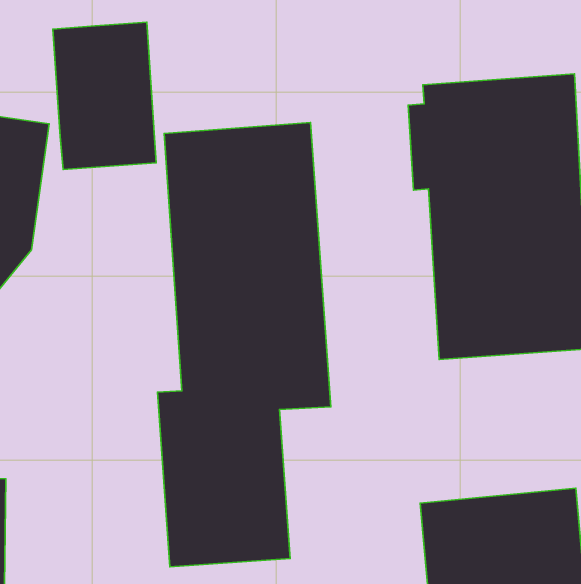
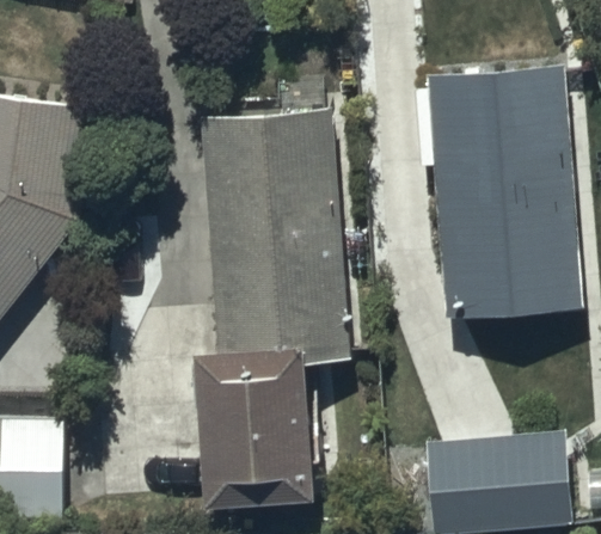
building: [53,22,156,169] -> none

